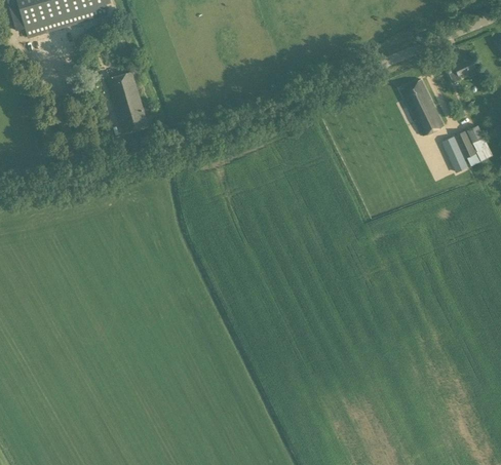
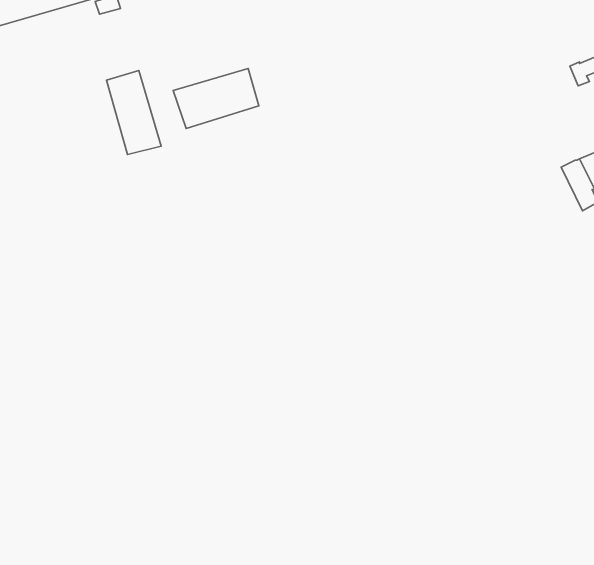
building: none -> [173,68,259,129]
building: [400,76,444,132] -> none

